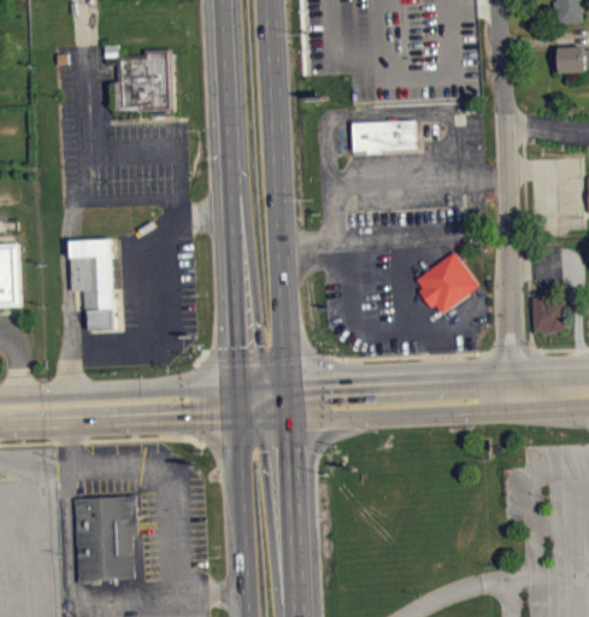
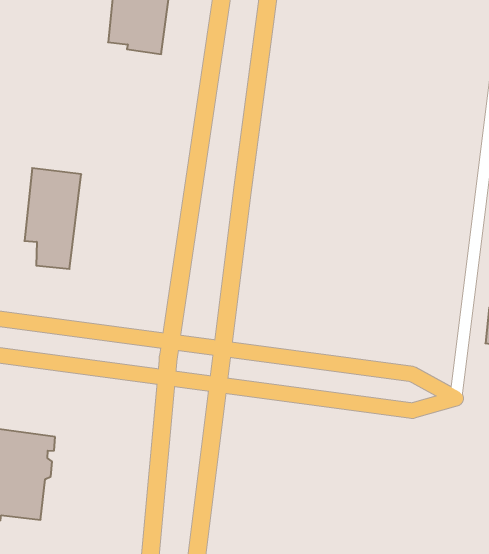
building: [351,121,418,151] -> none
building: [416,252,477,313] -> none

